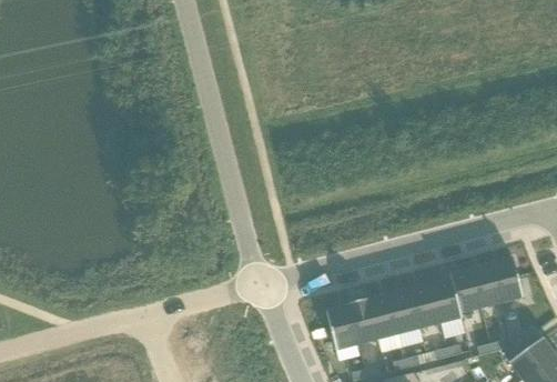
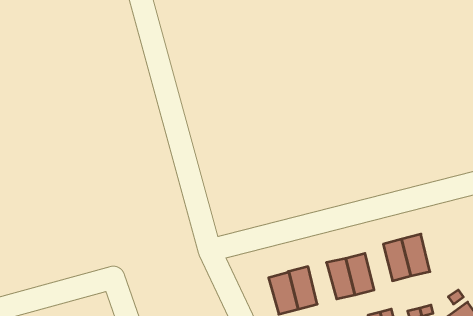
building: [492,255,523,302] -> none
building: [431,272,462,322] -> none
building: [368,292,399,338] -> none

